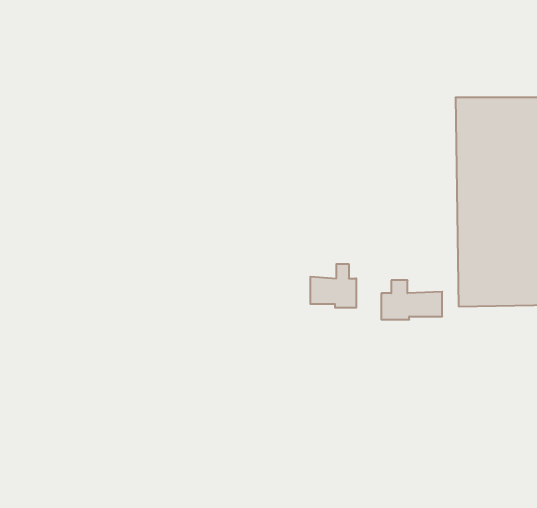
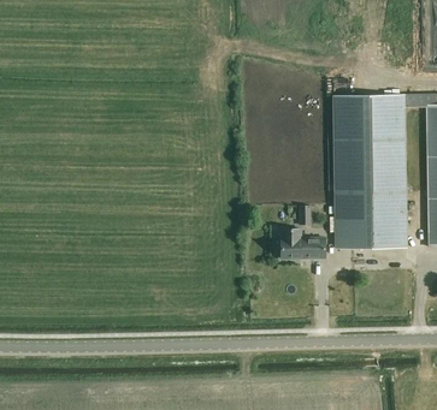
building: [310,264,356,308] -> none

